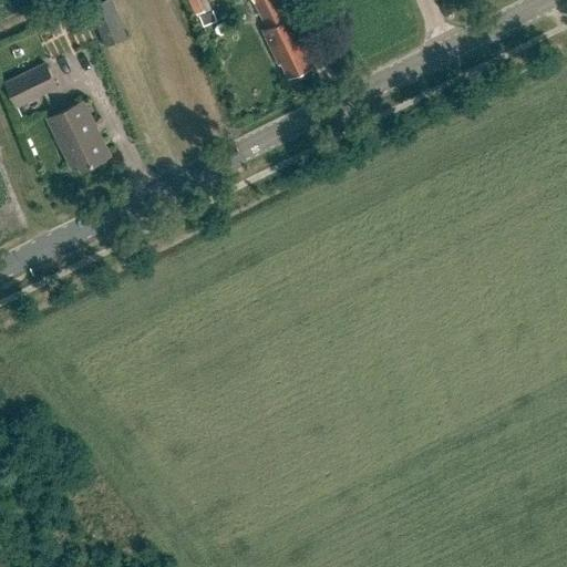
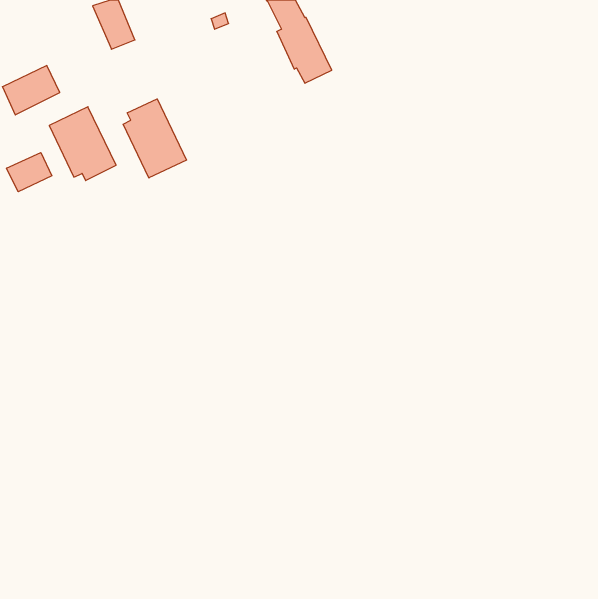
building: none -> [123,99,187,178]
building: none -> [7,153,52,192]

